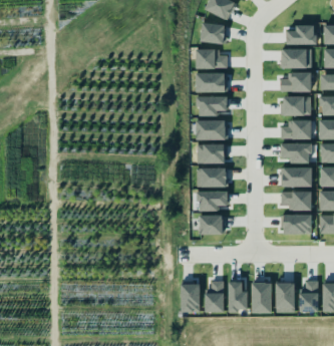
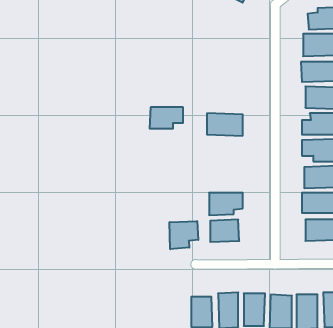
building: [200,22,226,43] -> none
building: [196,48,227,68] -> none
building: [195,72,227,92] -> none
building: [197,96,227,115] -> [150,107,183,129]
building: [197,143,226,163] -> none
building: [198,167,227,187] -> none
building: none -> [170,221,198,249]

